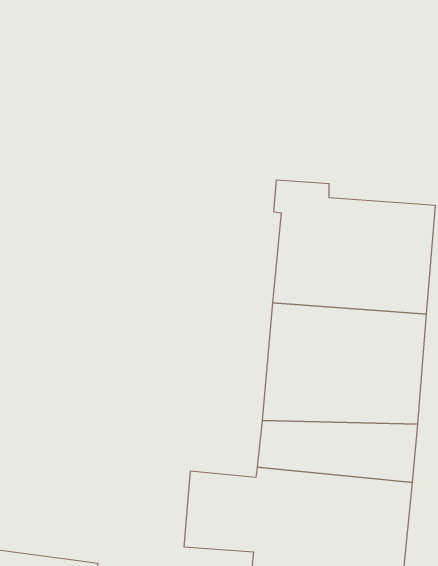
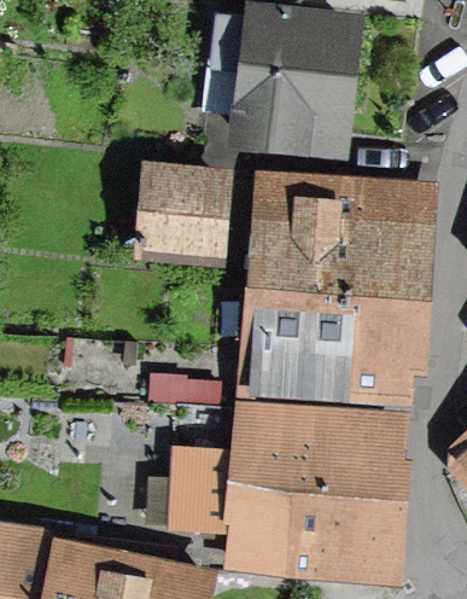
building: none -> [212,13,356,150]
building: none -> [152,173,226,258]

